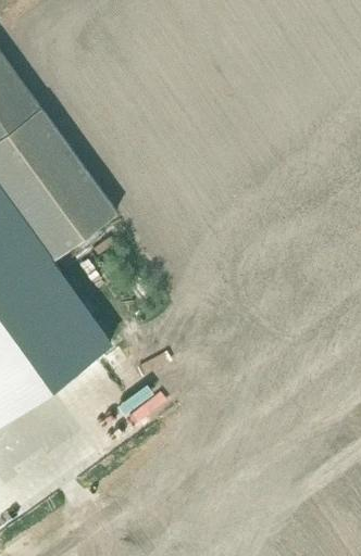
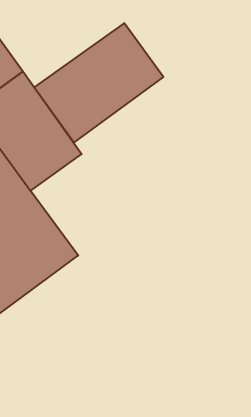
building: none -> [34,23,163,142]

